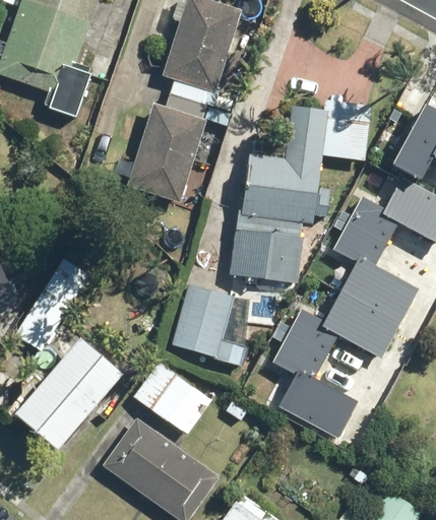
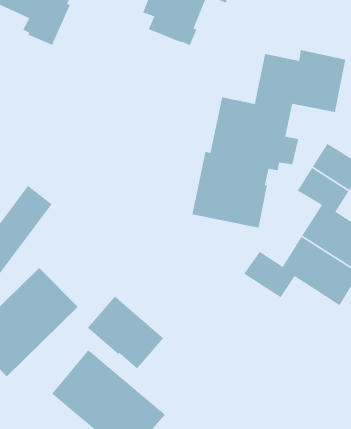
building: [126,96,206,203] -> none
building: [171,286,251,367] -> none
building: [271,330,357,431] -> none

